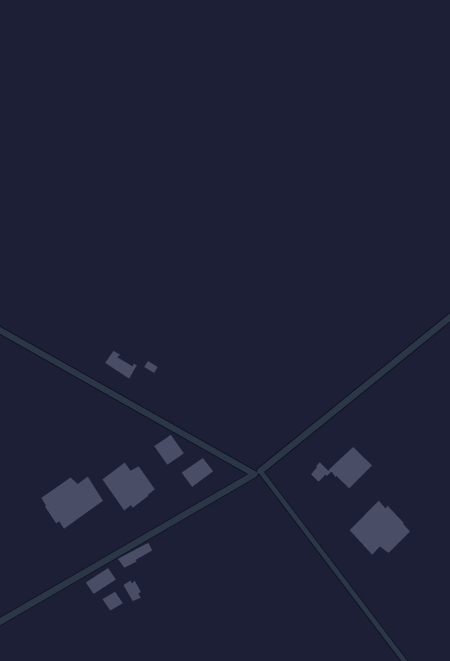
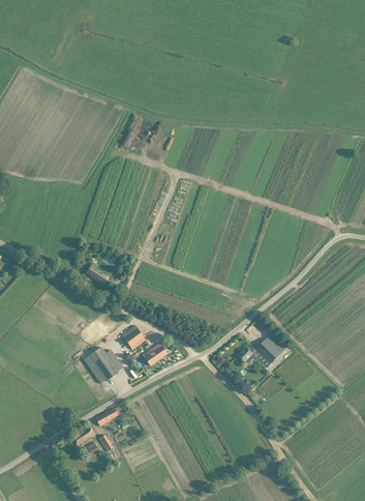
building: [41,476,104,530] -> none
building: [349,500,411,555] -> none

